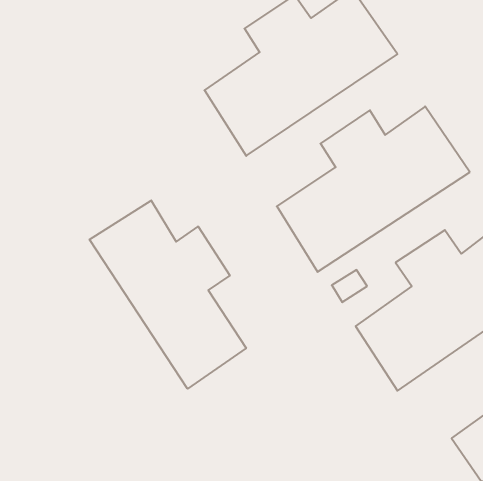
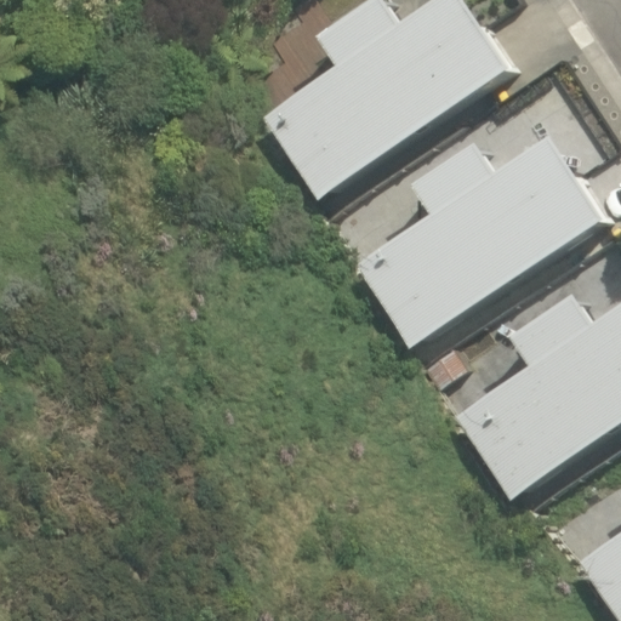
building: [90,200,246,389] -> none

